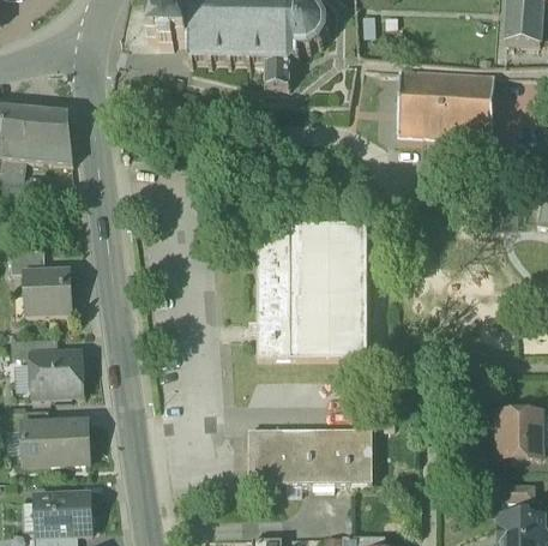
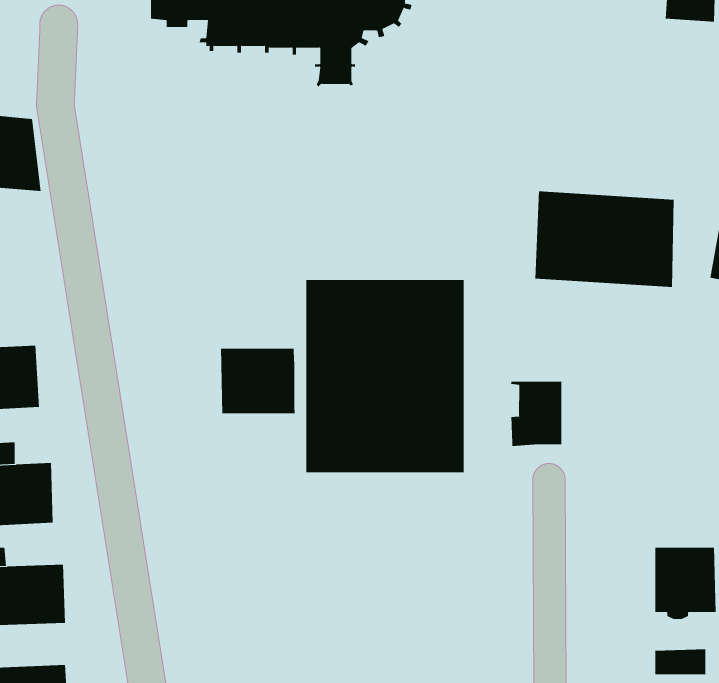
building: [397,68,494,136] -> [535,191,674,287]
building: none -> [221,348,295,414]
building: none -> [511,381,562,447]
building: [249,430,373,481] -> none

